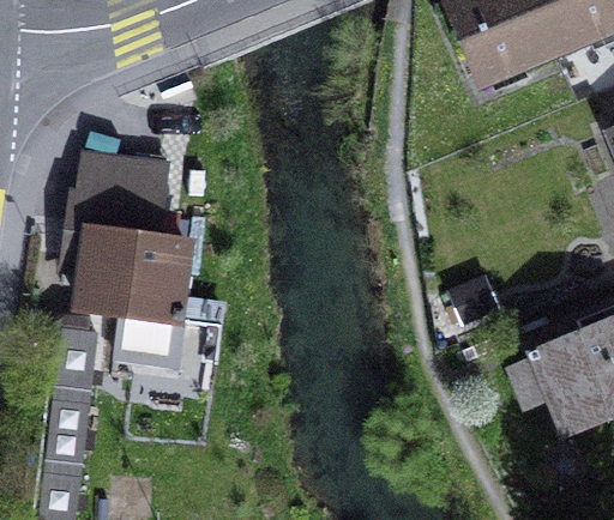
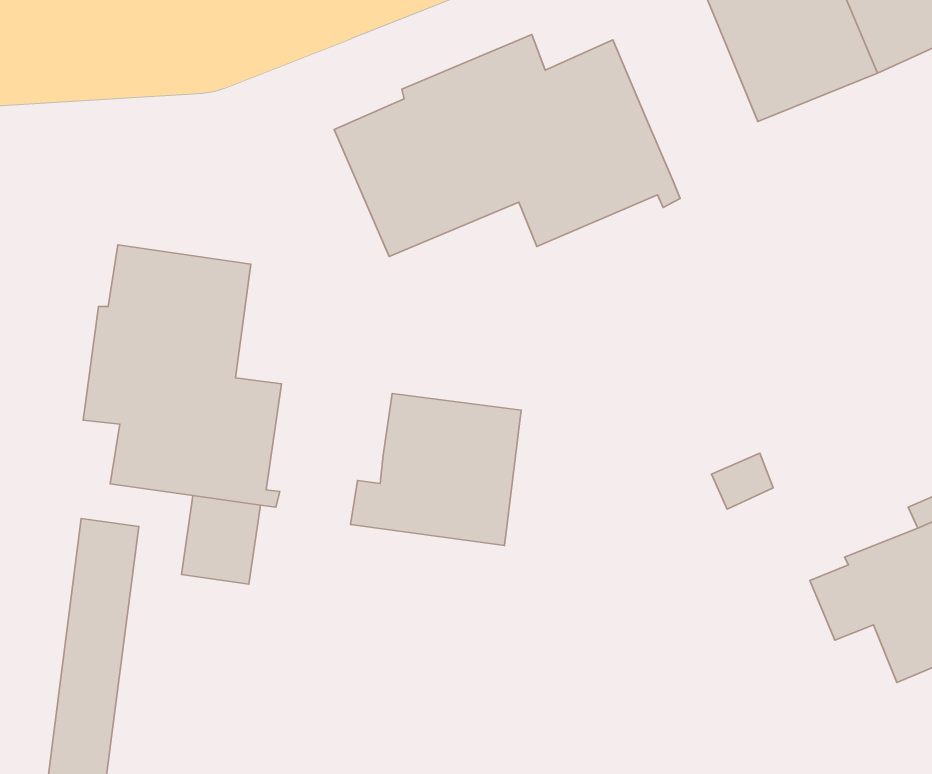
building: none -> [334,35,680,257]
building: none -> [350,394,521,545]

